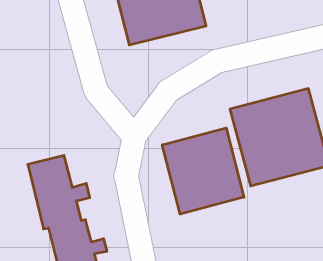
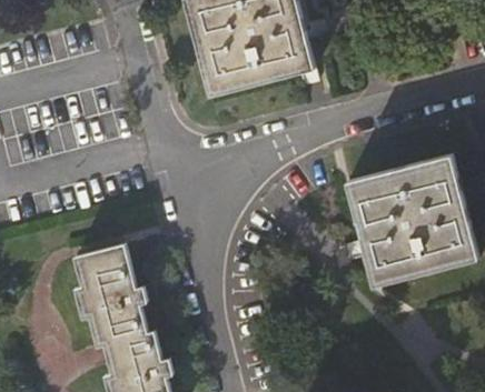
building: [162,128,244,214] -> none

